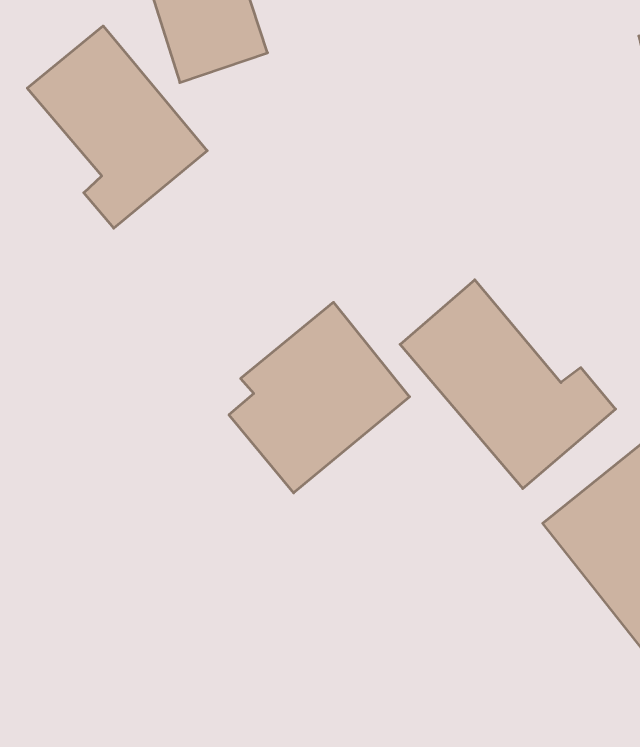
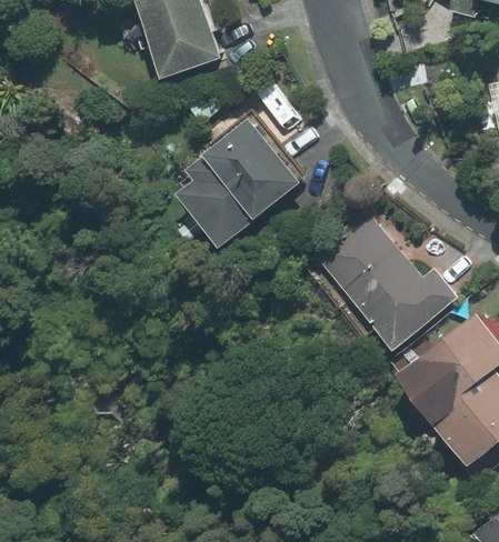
building: [27,26,207,228] -> none
building: [229,302,410,493] -> [179,116,300,243]

